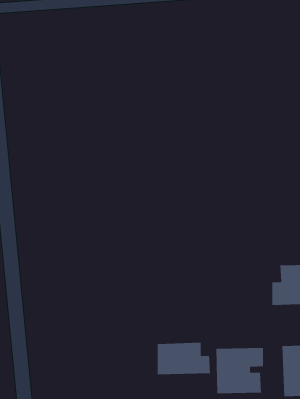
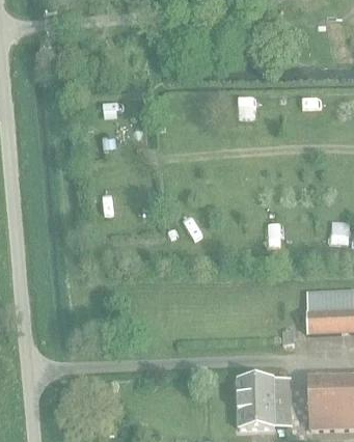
building: [157,342,211,375] -> none

